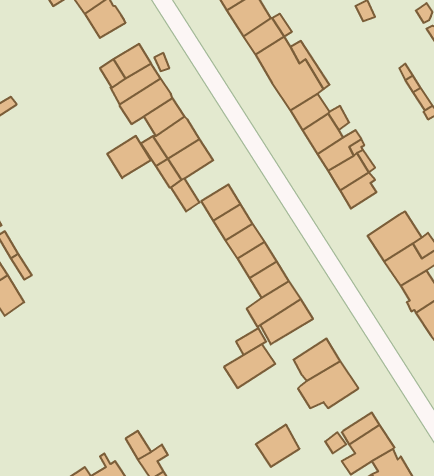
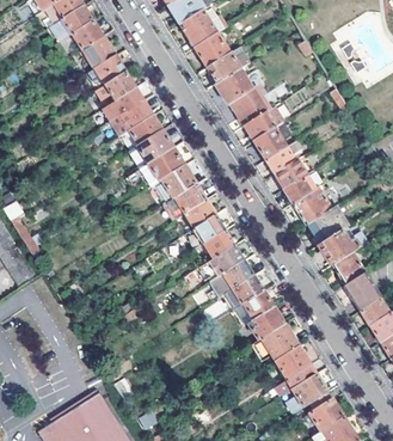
building: none -> [88,55,125,84]
building: [107,136,151,178] -> [161,164,196,197]
building: none -> [293,185,331,223]
building: [224,344,275,388] -> [233,289,274,324]
building: [256,425,300,467] -> [275,344,309,378]

